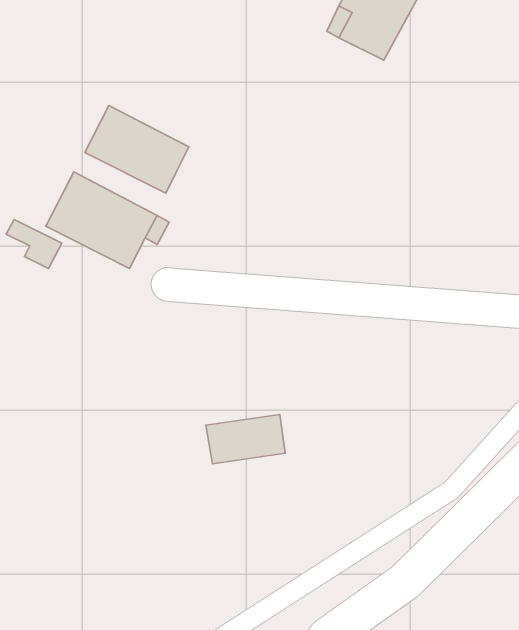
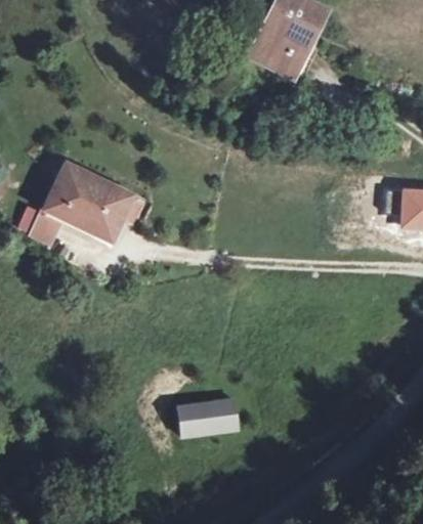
building: [85,106,189,193] -> none
building: [206,415,285,464] -> [176,401,238,439]

